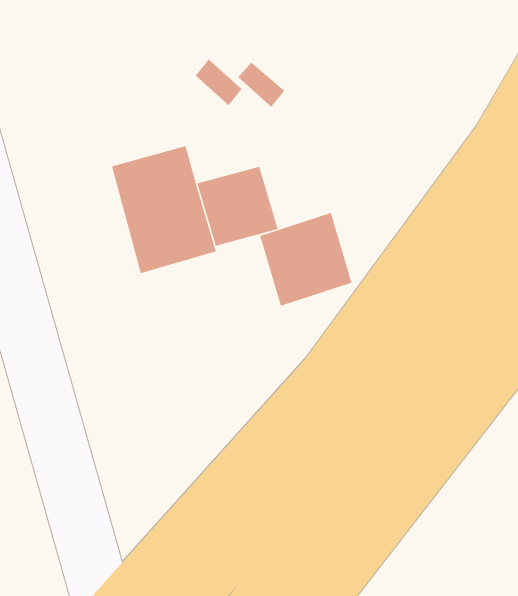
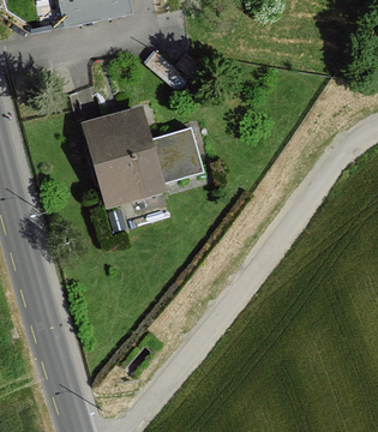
building: [259,212,352,306] -> none

